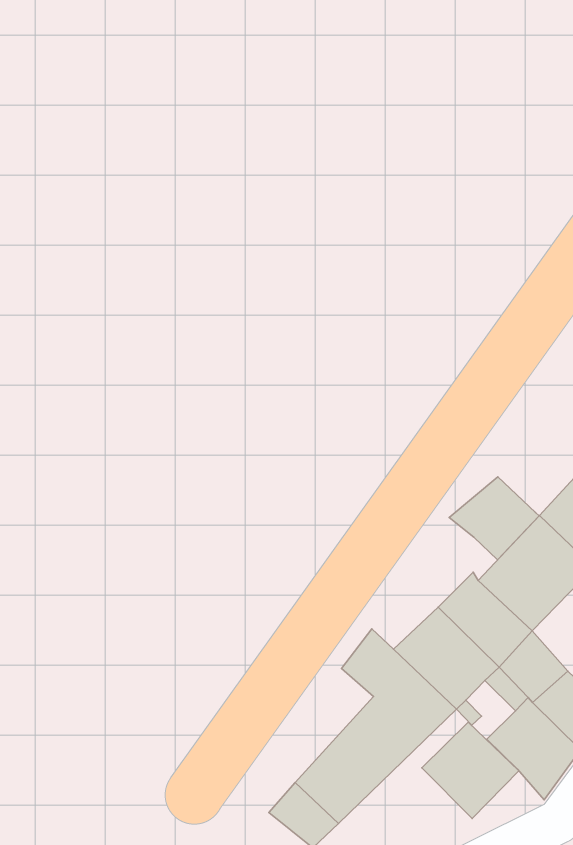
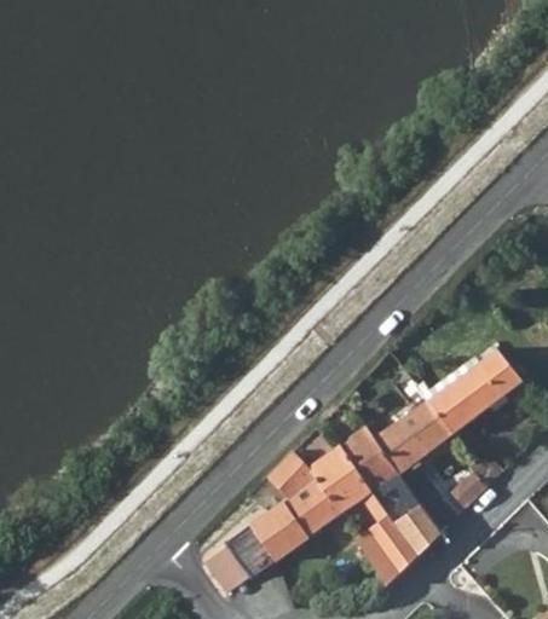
building: [449,477,539,560] -> none
building: [422,722,519,818] -> none

